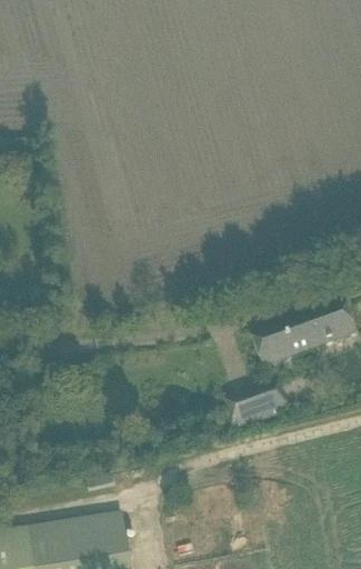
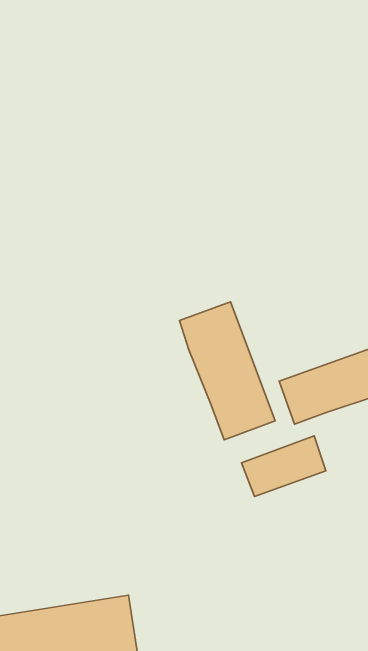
building: none -> [179,302,275,440]

